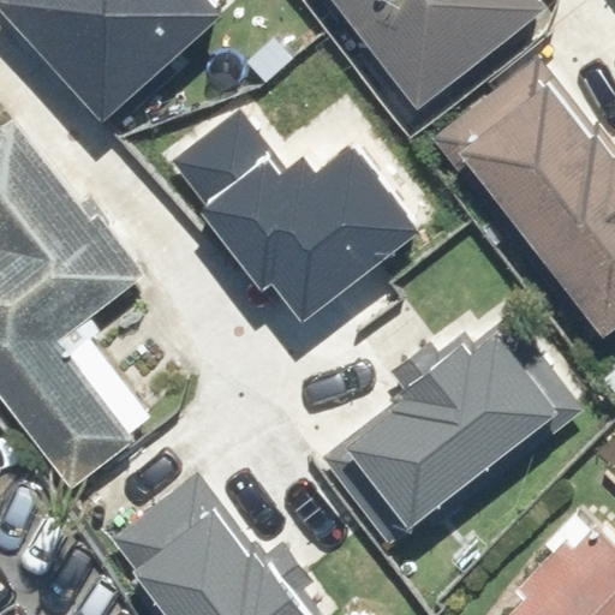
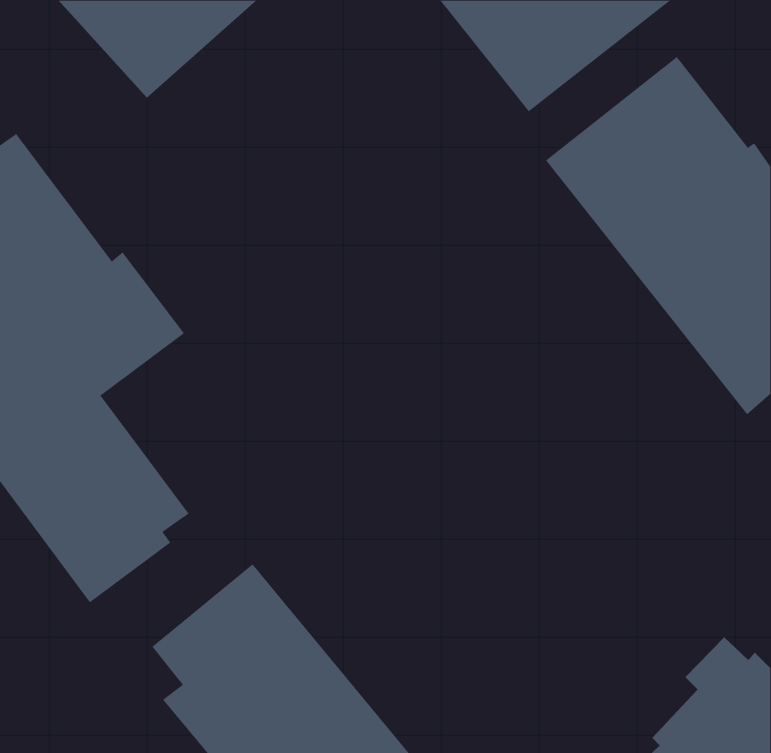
building: [178,112,424,298] -> none
building: [340,317,575,536] -> none

